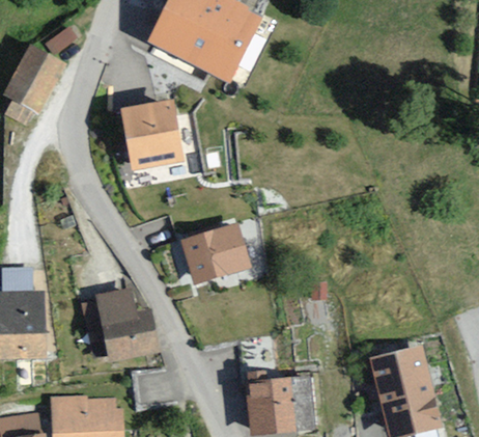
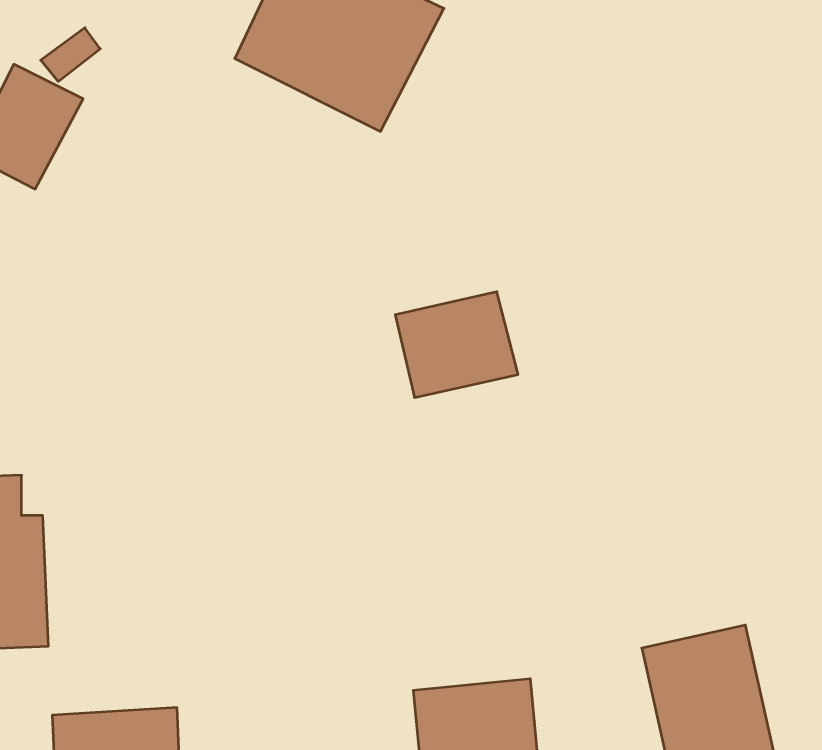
building: [118,97,185,172] -> none
building: [180,227,247,284] -> [395,292,518,397]
building: [82,289,159,361] -> none

